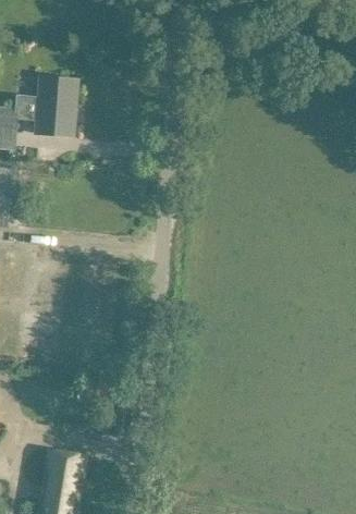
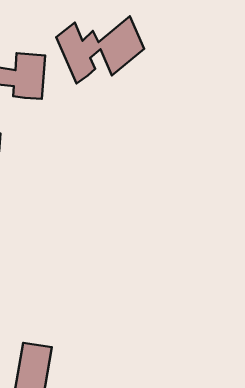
building: none -> [56,16,144,84]

